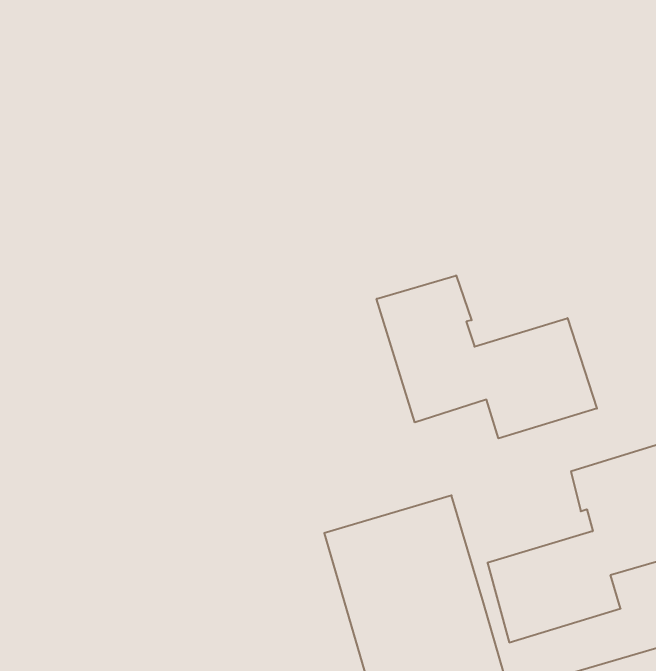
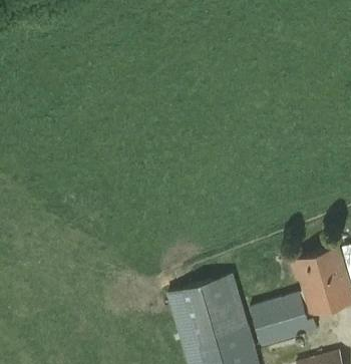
building: [377,275,597,438] -> none

